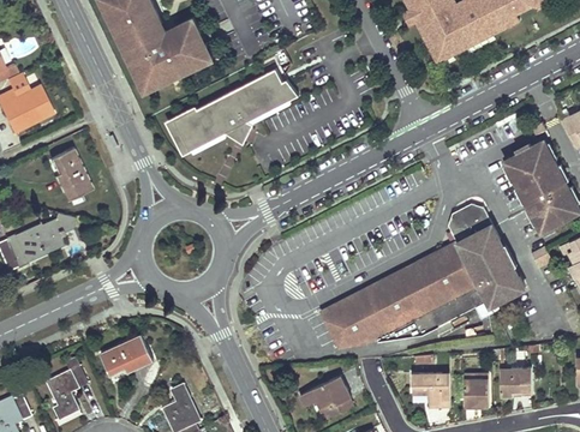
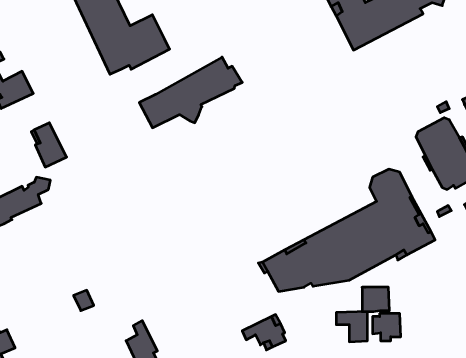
building: [166,110,197,161] -> none
building: [115,335,153,371] -> none
building: [47,356,86,418] -> none
building: [500,367,532,396] -> [362,287,389,312]

